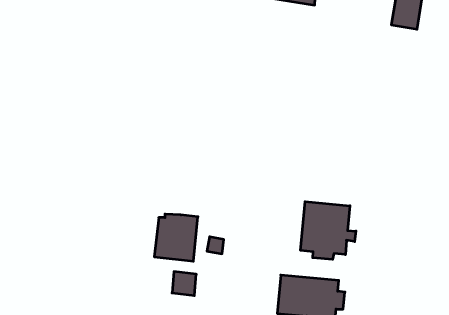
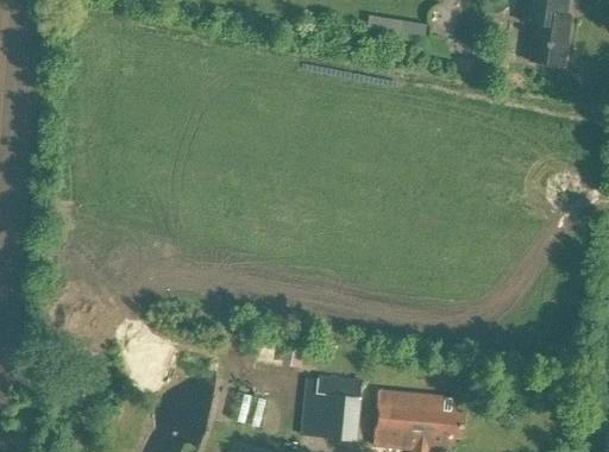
building: [301,202,356,259] -> none
building: [154,214,198,261] -> [301,377,359,440]

